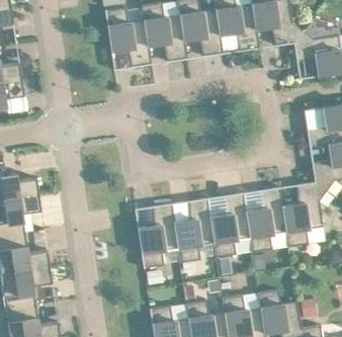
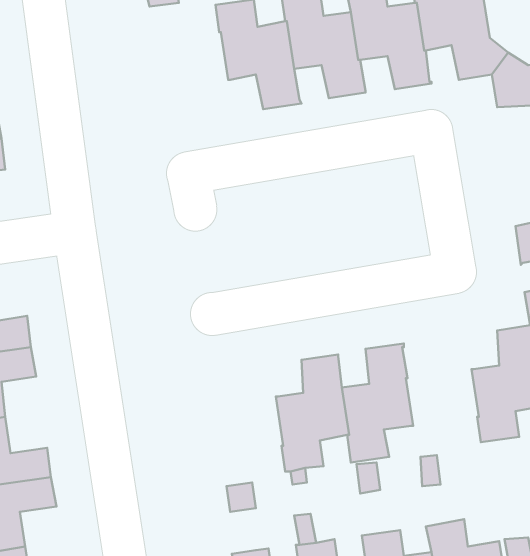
building: [104,7,152,67] -> none
building: [246,186,286,251] -> none
building: [138,202,178,267] -> none

